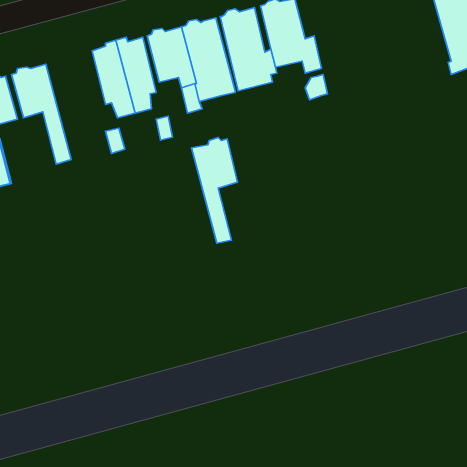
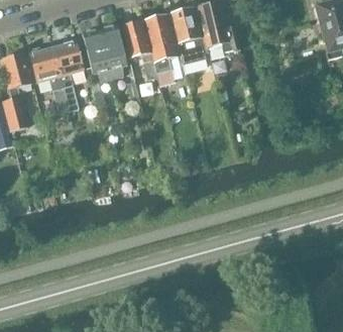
building: [191,137,238,243] -> [51,39,83,111]

